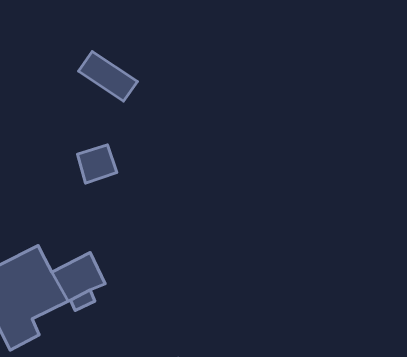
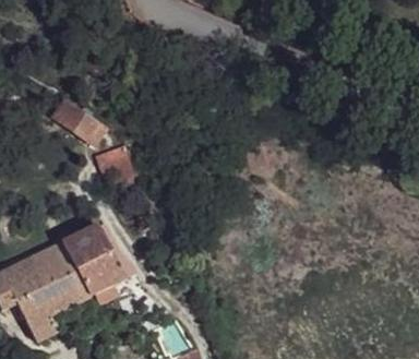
building: [78,51,137,101] -> [51,96,107,143]
building: none -> [61,225,110,268]

